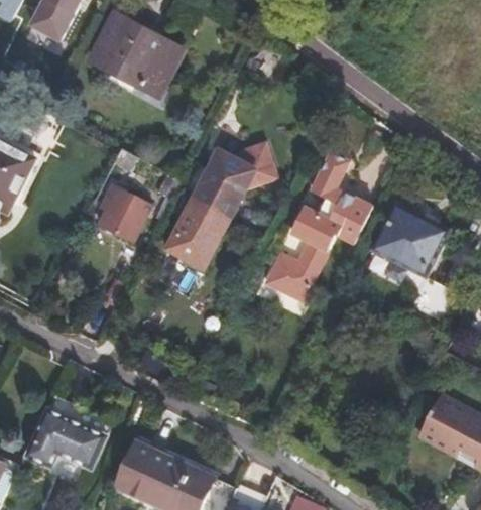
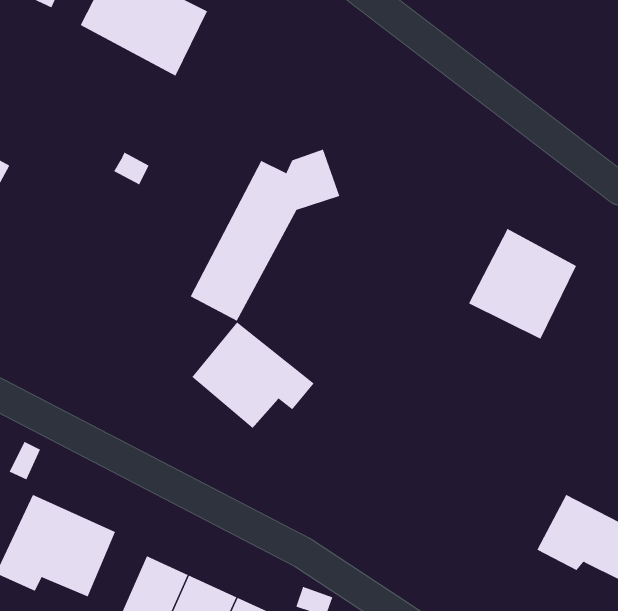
building: [263,152,371,300] -> none
building: [102,196,149,242] -> none
building: none -> [191,322,314,429]

